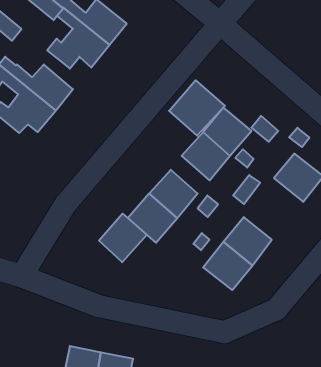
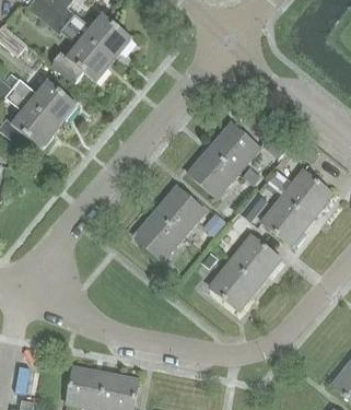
building: [169,80,225,136] -> none
building: none -> [261,196,312,245]
building: [99,214,147,262] -> none

